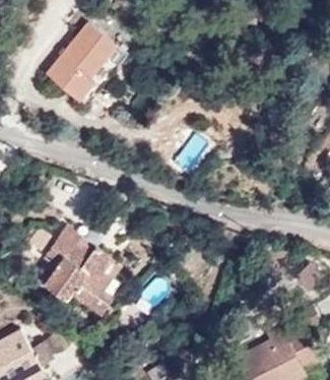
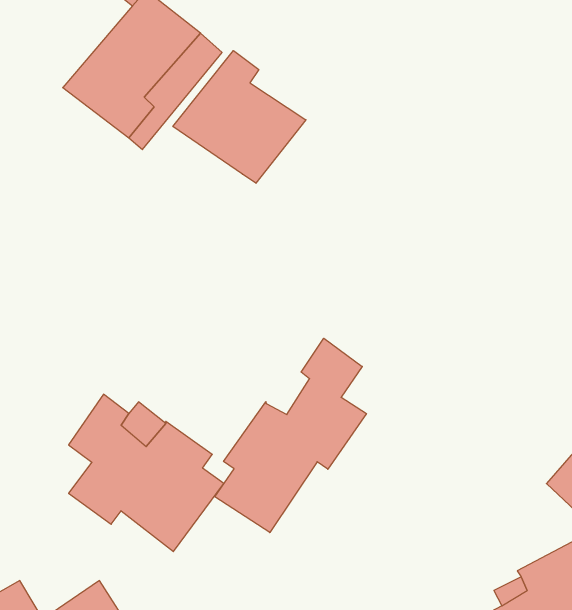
building: none -> [173,51,306,183]
building: none -> [215,338,366,533]

